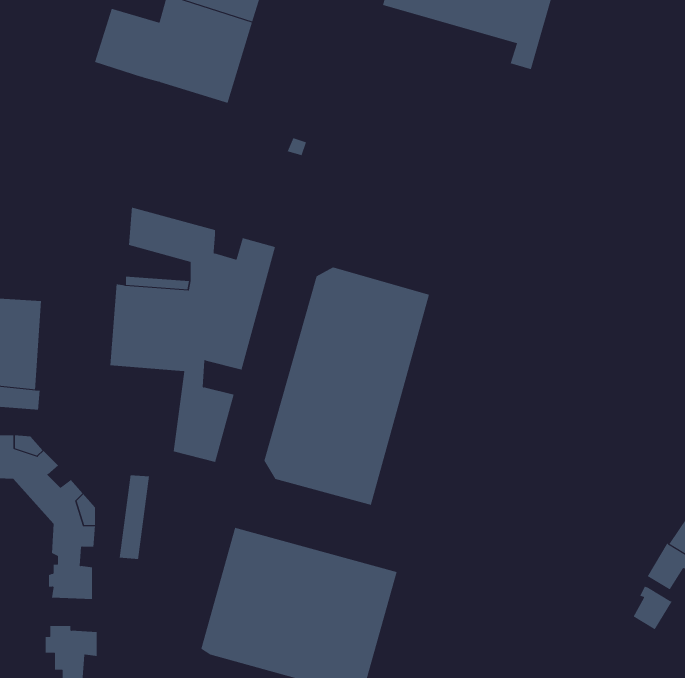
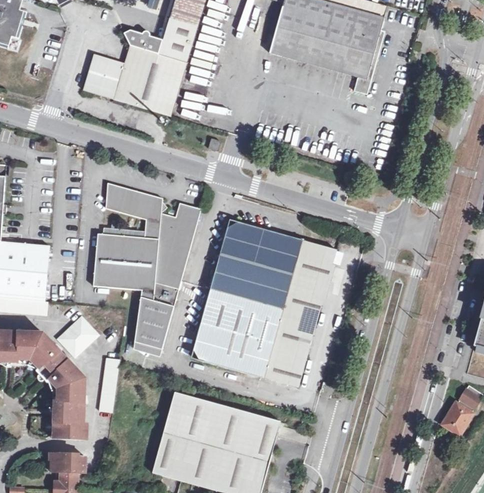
building: none -> [263,239,336,387]
building: none -> [56,315,98,357]
building: [633,586,673,630] -> none

